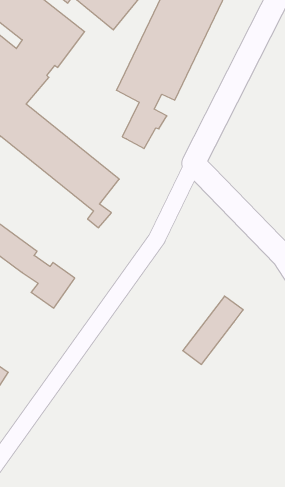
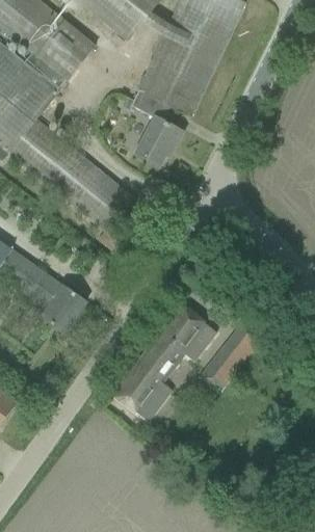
building: none -> [113,303,217,421]

